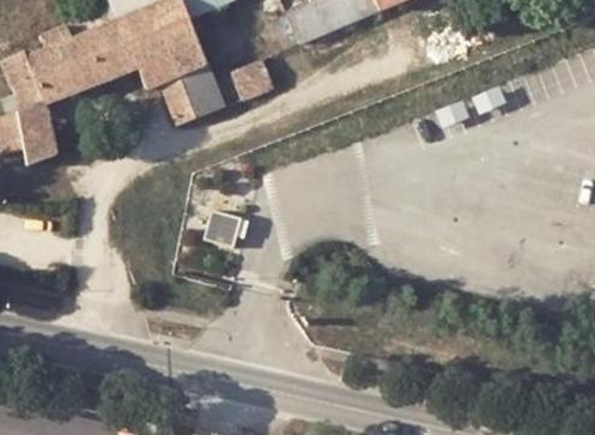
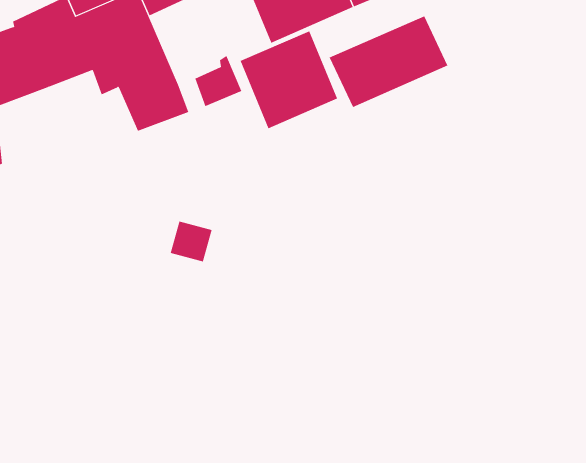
building: none -> [329,15,448,108]
building: none -> [240,31,338,129]

